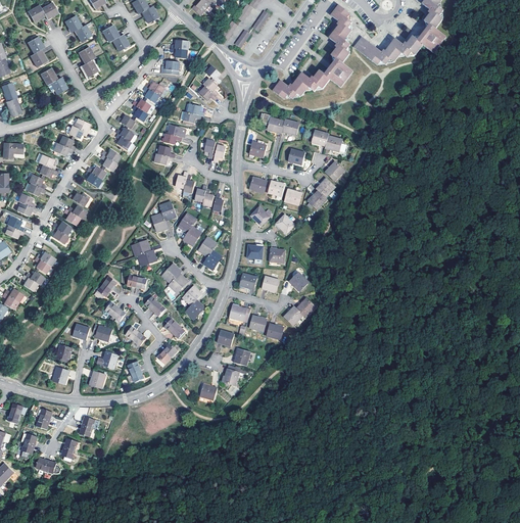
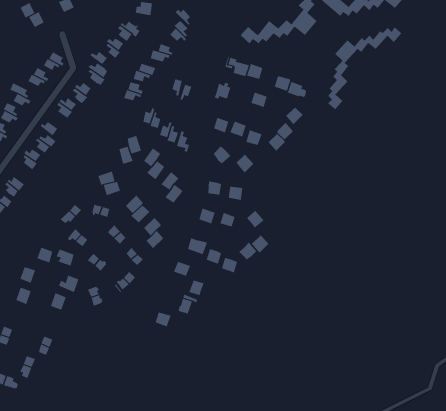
building: none -> [327,27,402,110]

